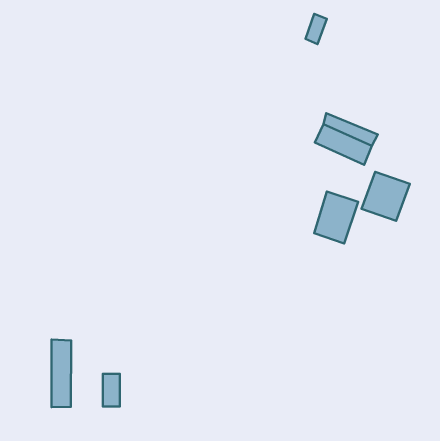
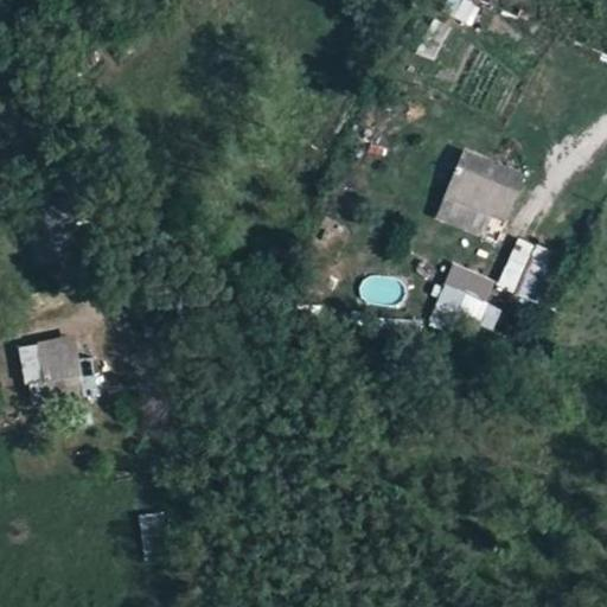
building: none -> [23,338,96,402]
building: [51,339,71,407] -> none

